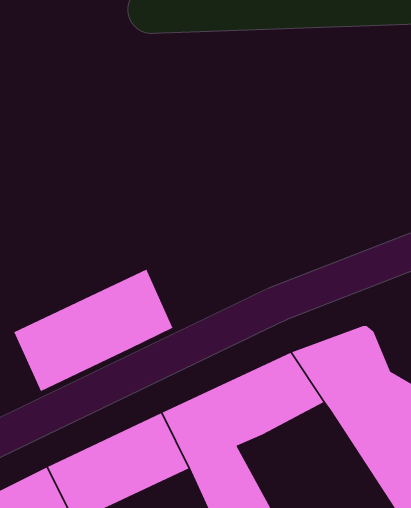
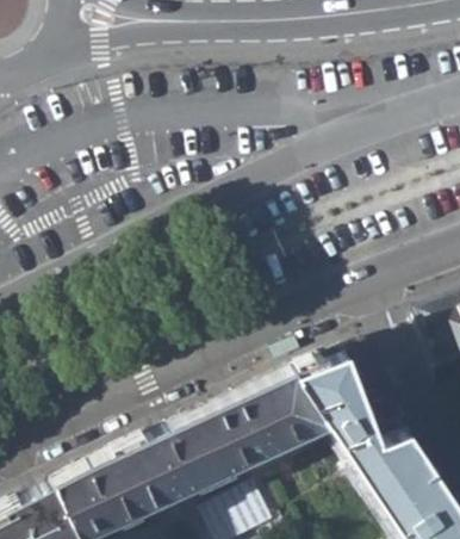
building: [13,268,173,392] -> none

